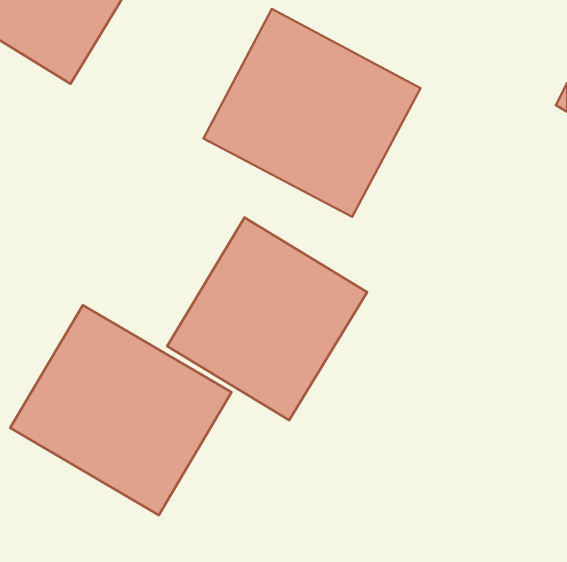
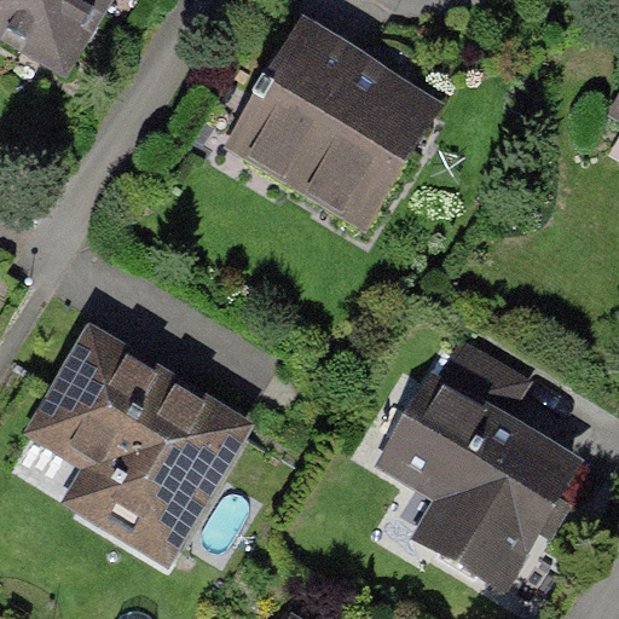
building: [167,217,367,420] -> none
building: none -> [387,346,568,579]

